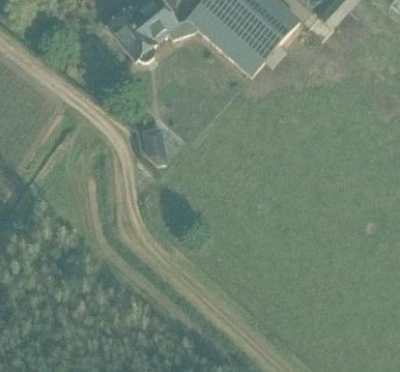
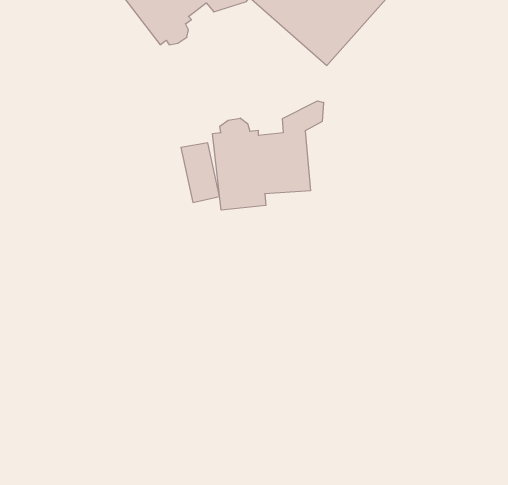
building: none -> [213,101,324,210]

